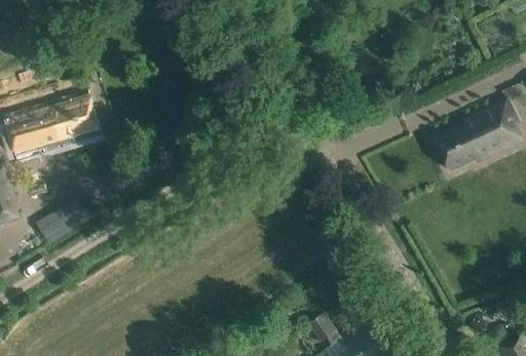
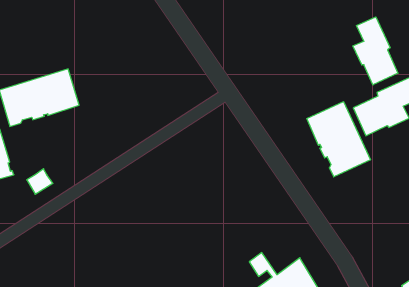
building: none -> [353,17,398,85]
building: none -> [307,102,370,177]

